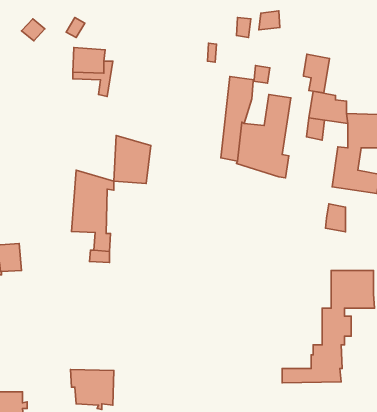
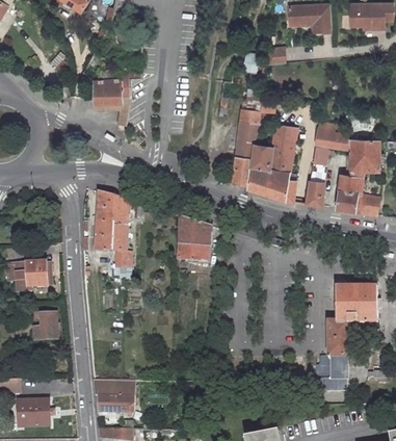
building: [303,54,330,93] -> none
building: [114,136,151,184] -> [177,217,211,262]
building: [326,204,346,232] -> [306,180,324,206]
building: none -> [33,313,56,340]

